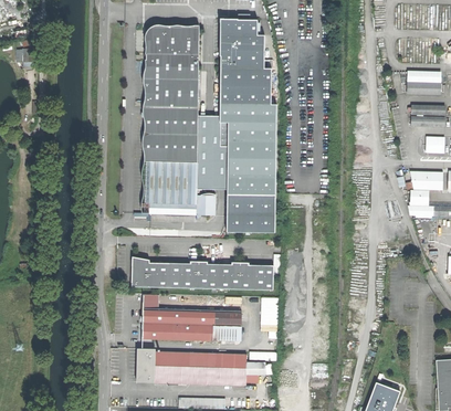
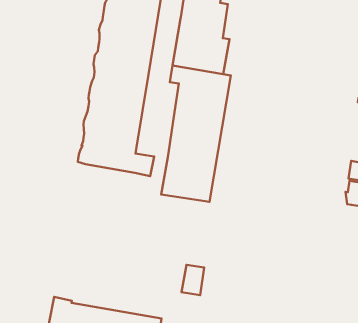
building: [196,116,228,190] -> none
building: [130,261,273,289] -> none
building: [141,294,241,340] -> none

